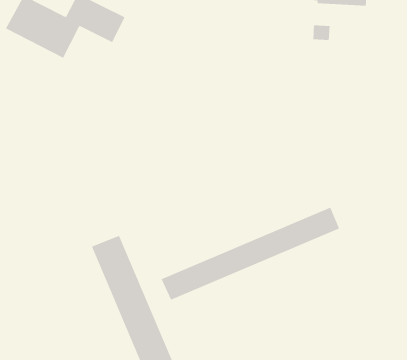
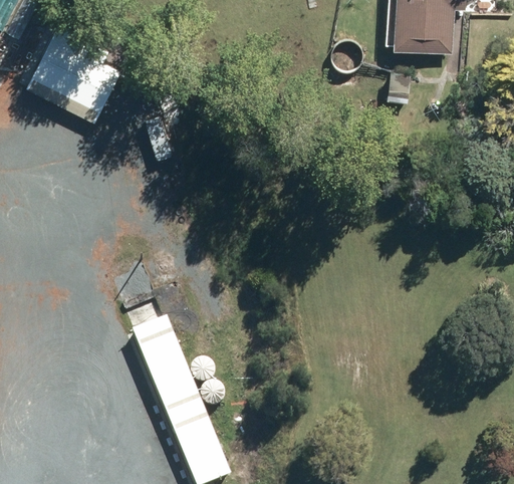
building: [161,207,340,301] -> none

